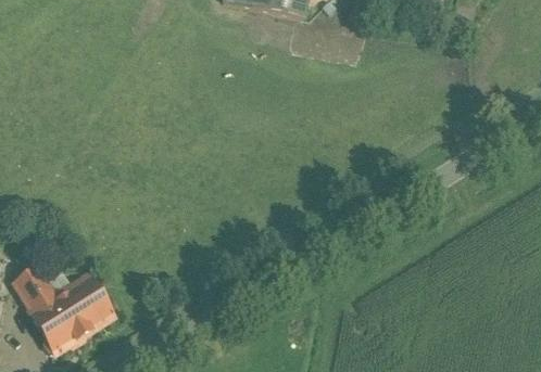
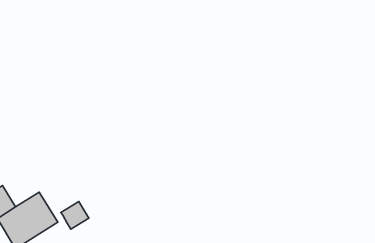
building: none -> [61,201,89,229]

